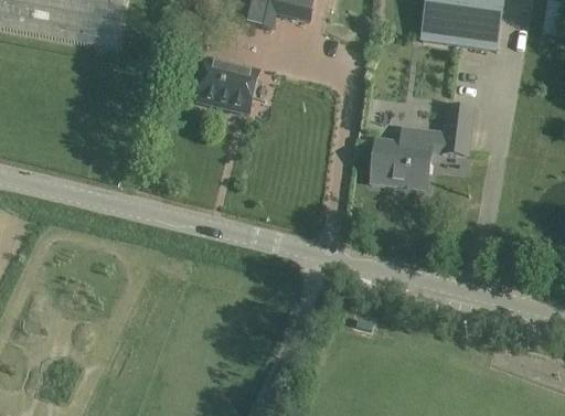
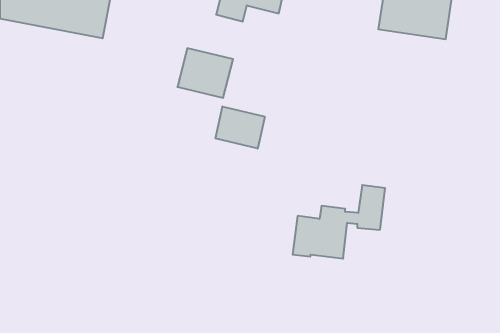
building: [371,103,473,184] -> [293,185,385,259]
building: none -> [215,106,265,149]

